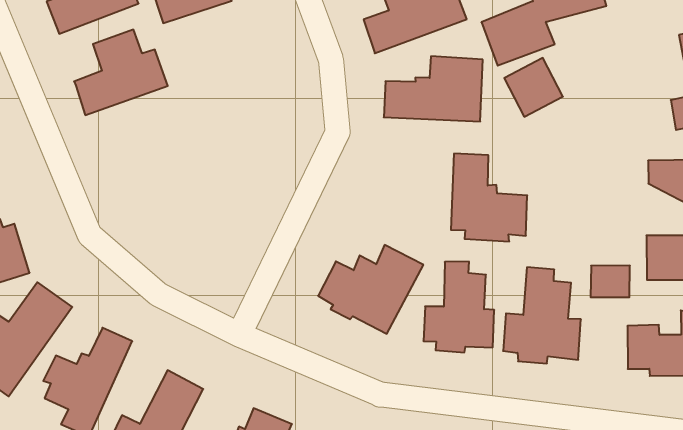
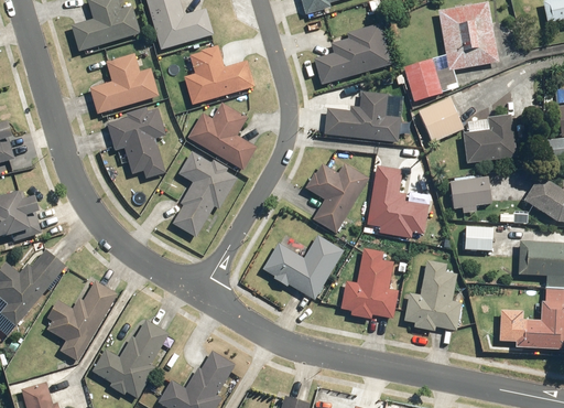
building: none -> [184,45,256,105]
building: none -> [464,114,514,164]
building: none -> [188,104,256,169]
building: none -> [106,106,166,179]
building: none -> [173,151,238,237]
building: none -> [307,162,369,234]
building: none -> [449,174,492,213]
building: [591,266,630,297] -> [464,225,496,251]

